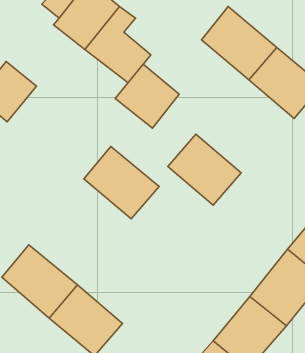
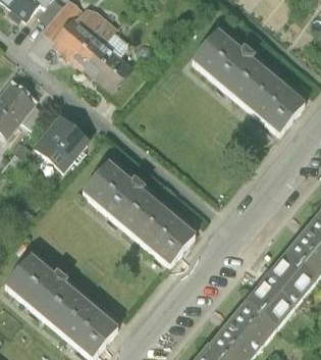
building: [115,64,179,128] -> none
building: none -> [35,116,92,173]
building: [168,134,241,205] -> [127,200,197,267]

